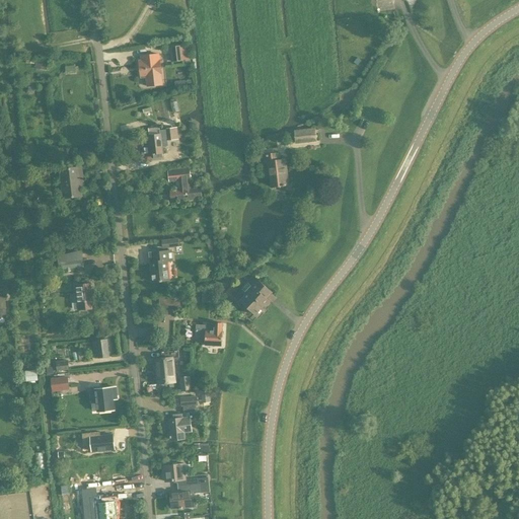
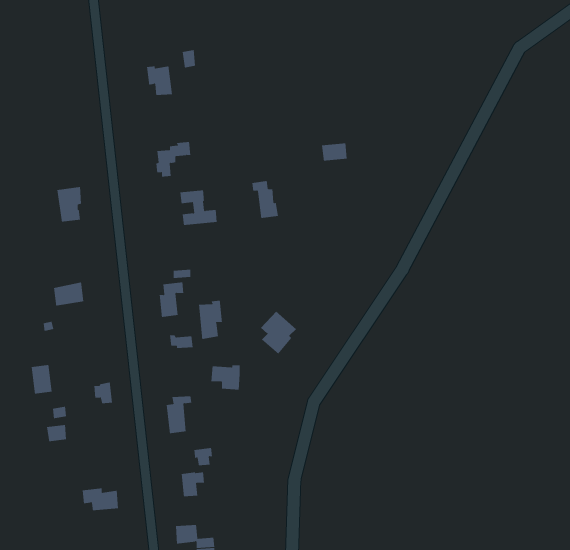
building: [264,152,288,186] -> [251,181,279,219]
building: none -> [198,300,222,340]
building: [75,283,94,309] -> [31,364,53,394]
building: [89,385,118,412] -> none

